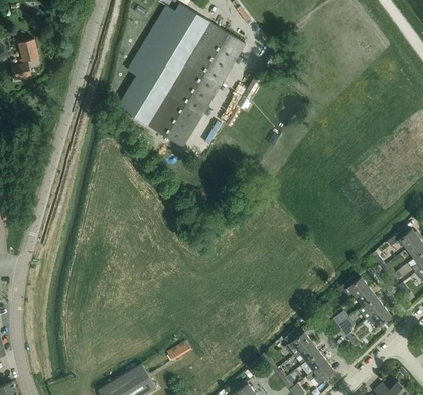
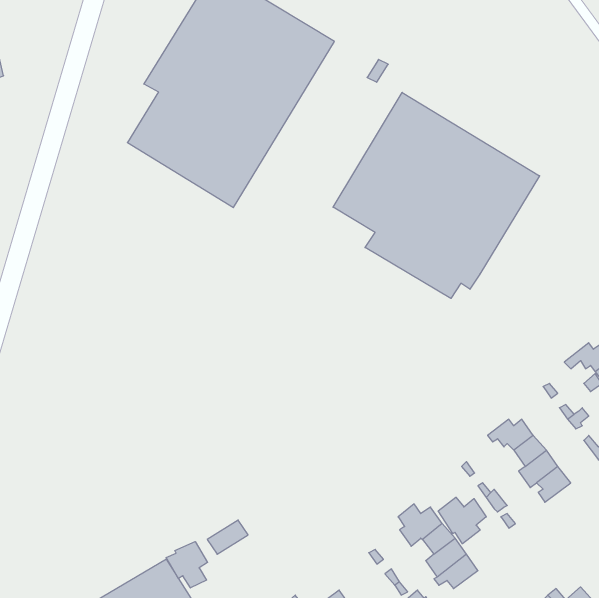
building: none -> [333,92,540,298]
building: none -> [438,497,486,544]
building: none -> [166,542,208,588]

